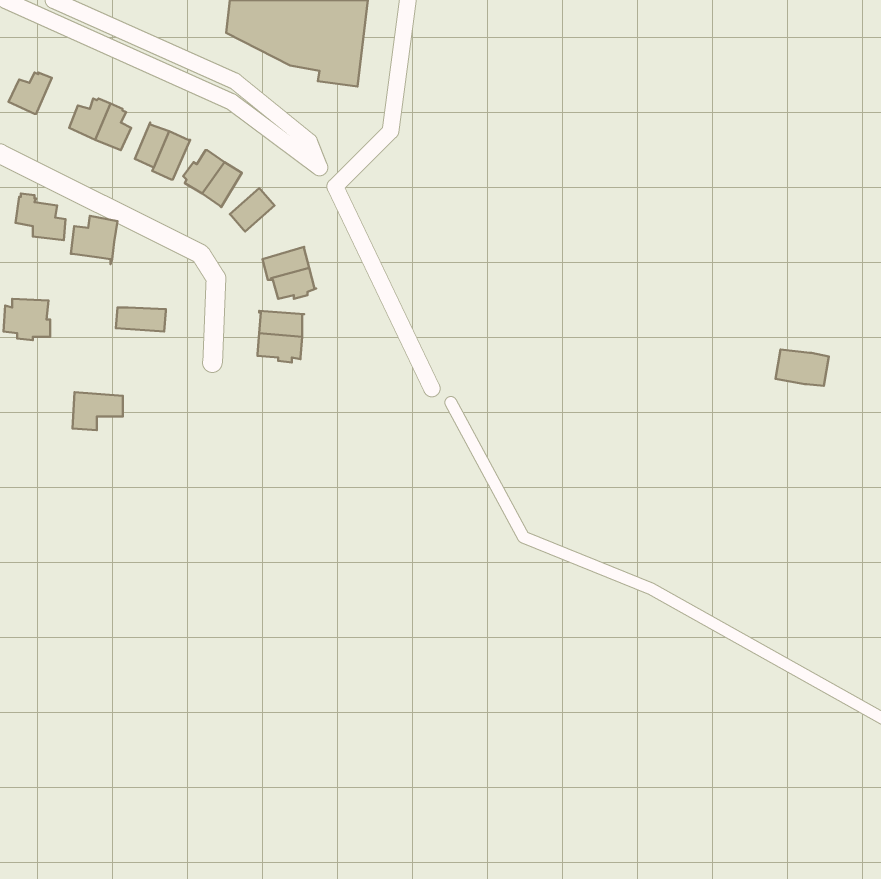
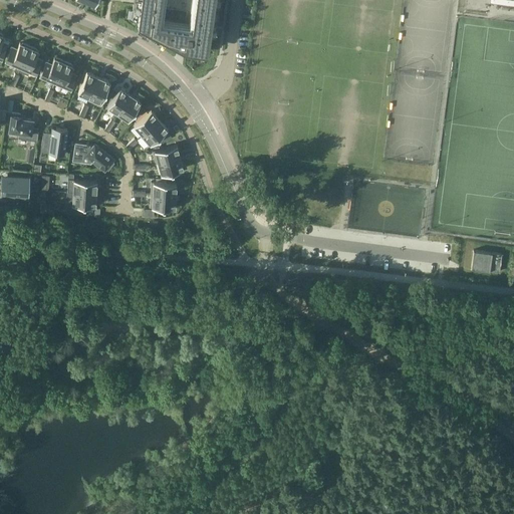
building: none -> [20,47,43,76]
building: none -> [142,121,173,148]
building: none -> [73,145,115,173]
building: [775,350,829,386] -> [472,252,503,273]
building: [73,392,123,430] -> [67,193,96,215]

